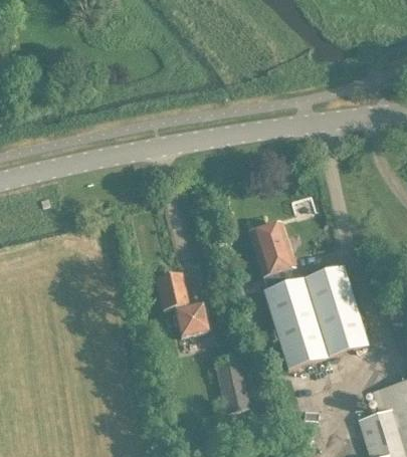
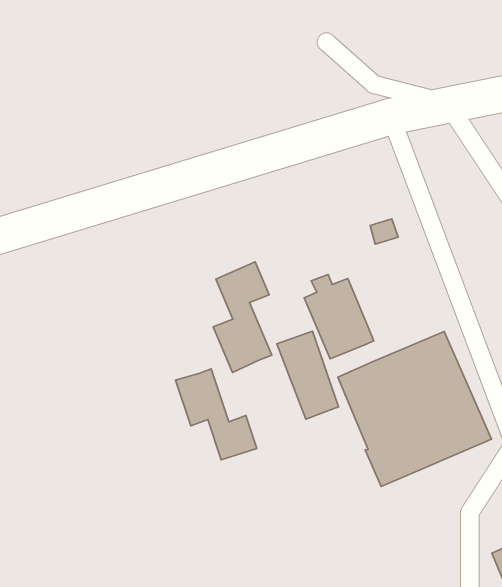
building: none -> [213,262,272,373]
building: [213,357,250,416] -> [277,331,338,419]

